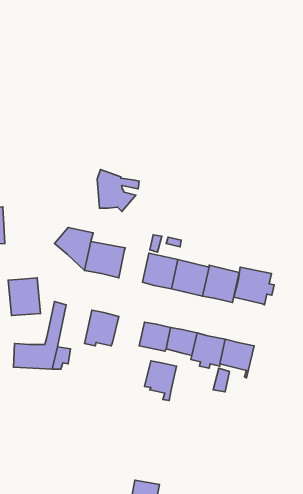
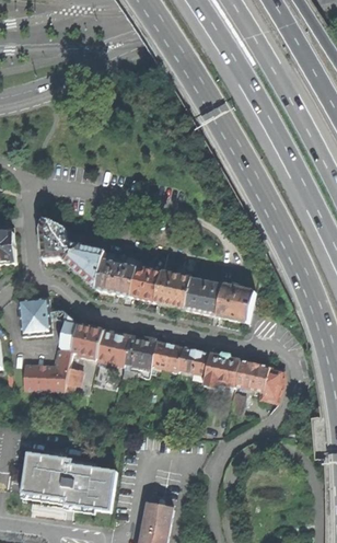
building: [97,169,139,211] -> [39,219,82,262]
building: none -> [130,268,161,301]
building: [234,267,274,305] -> none
building: none -> [71,324,103,359]
building: none -> [260,366,283,401]
building: [144,361,177,401] -> [124,336,156,377]
building: none -> [21,453,115,510]

